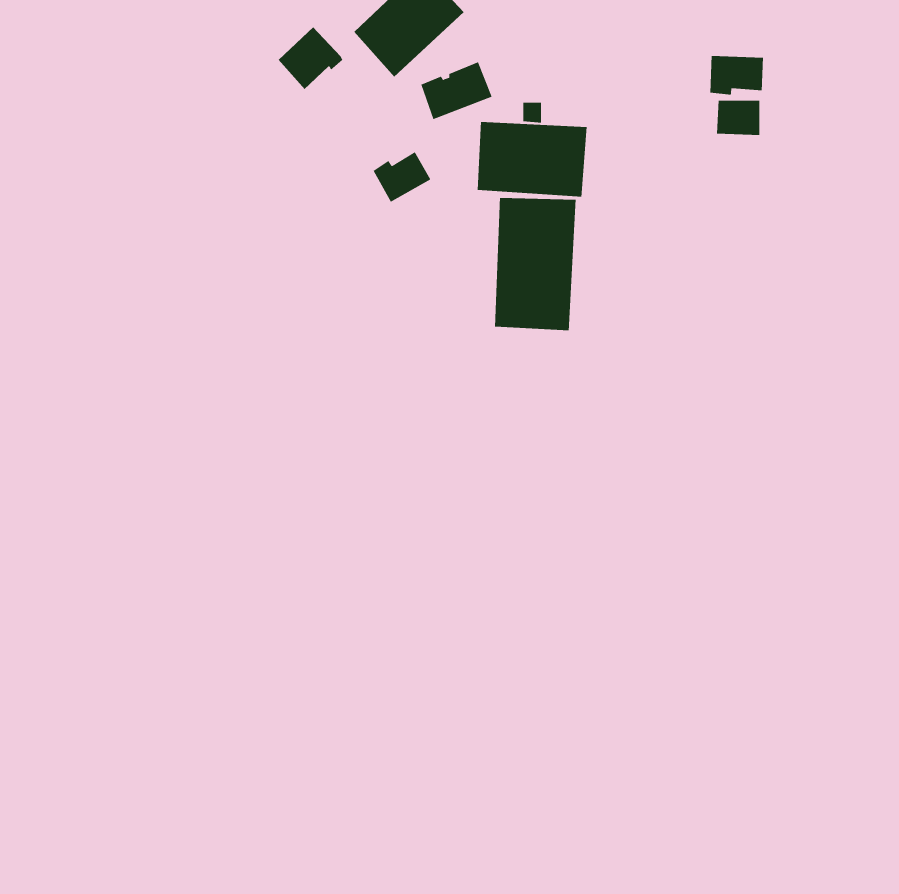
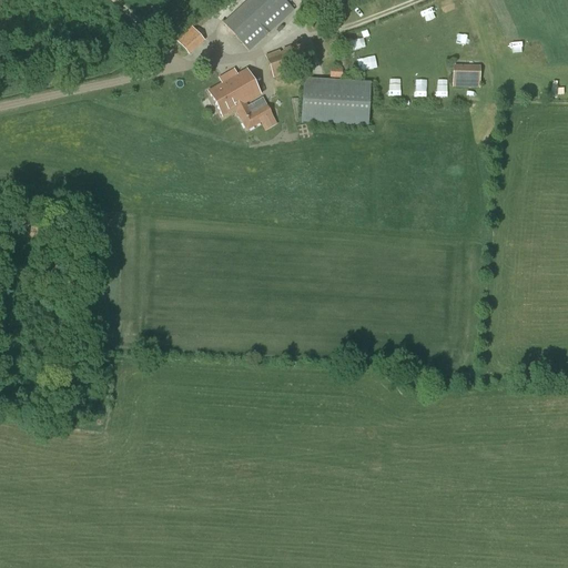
building: [710,55,763,96] -> none
building: none -> [209,68,261,114]
building: [495,197,576,331] -> none

